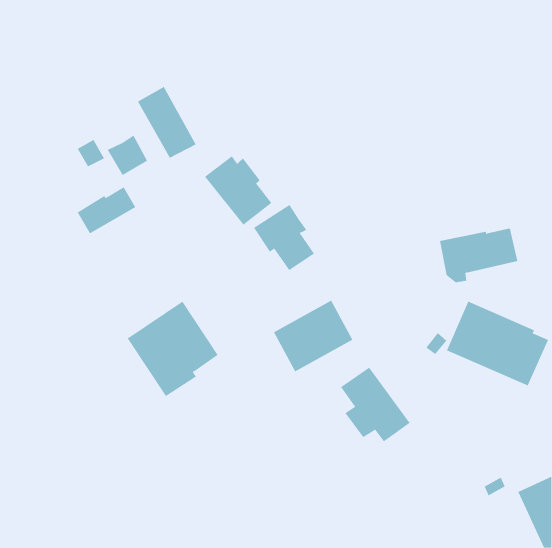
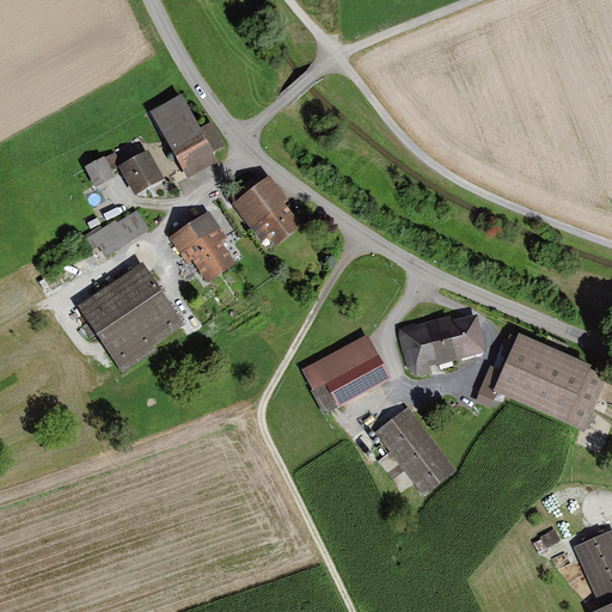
building: [253,204,315,271] -> [169,208,237,282]
building: [439,228,518,283] -> [399,313,486,374]
building: [127,301,219,397] -> [80,263,182,369]

